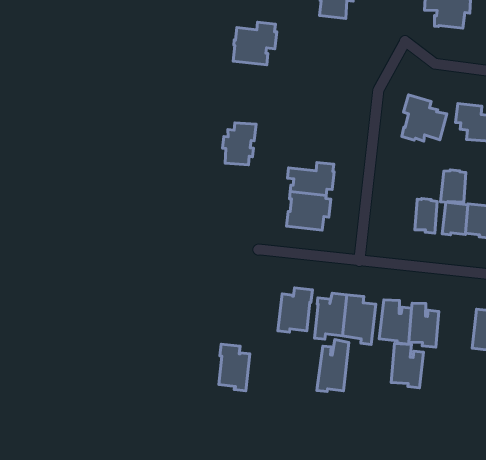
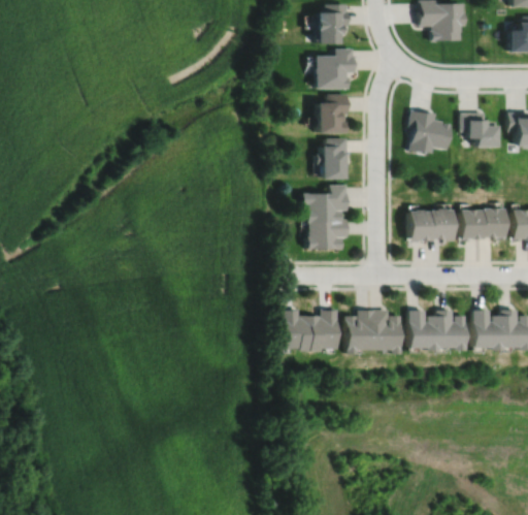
building: [233,22,277,65] -> [316,47,356,88]
building: none -> [318,93,350,132]
building: [223,123,256,165] -> [319,137,349,179]
building: [440,170,466,203] -> [410,210,433,242]
building: [317,339,349,392] -> none
building: [391,344,423,388] -> [472,310,501,351]
building: [219,344,250,391] -> [283,310,311,352]

